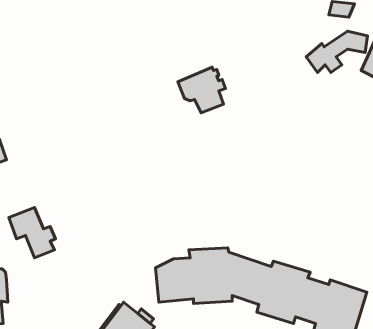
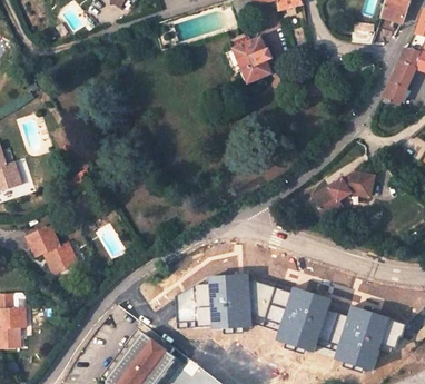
building: [306,31,367,73] -> [312,174,373,215]
building: [178,67,226,113] -> [224,39,271,85]

